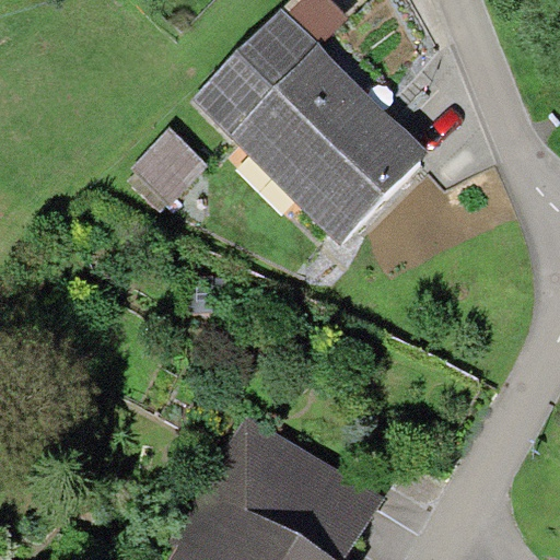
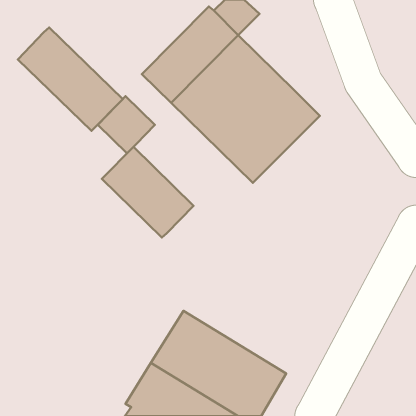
building: none -> [18,28,123,131]
building: none -> [102,147,193,238]

